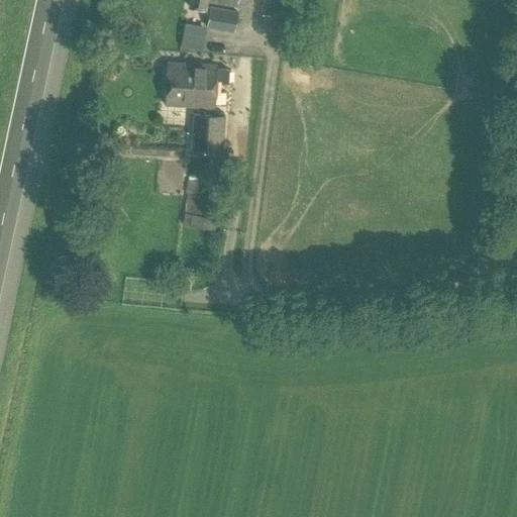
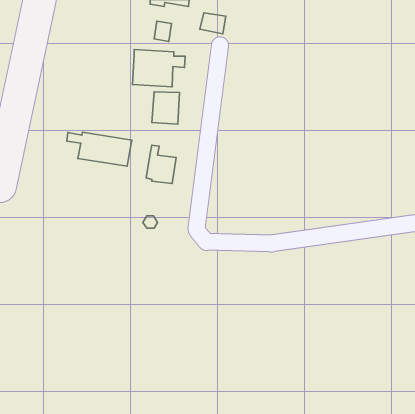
building: [205,6,237,32] -> [200,13,226,34]
building: none -> [67,132,132,166]

